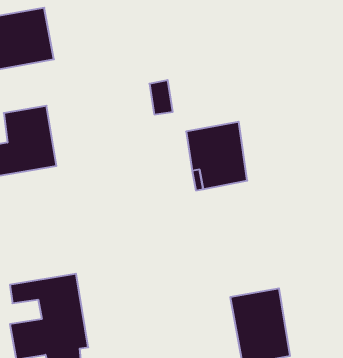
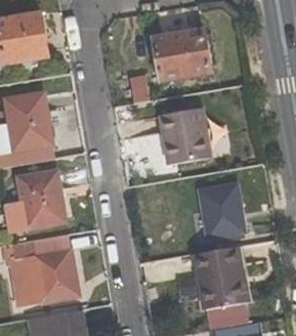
building: none -> [152,29,212,81]
building: none -> [19,171,65,227]
building: none -> [202,186,242,237]

